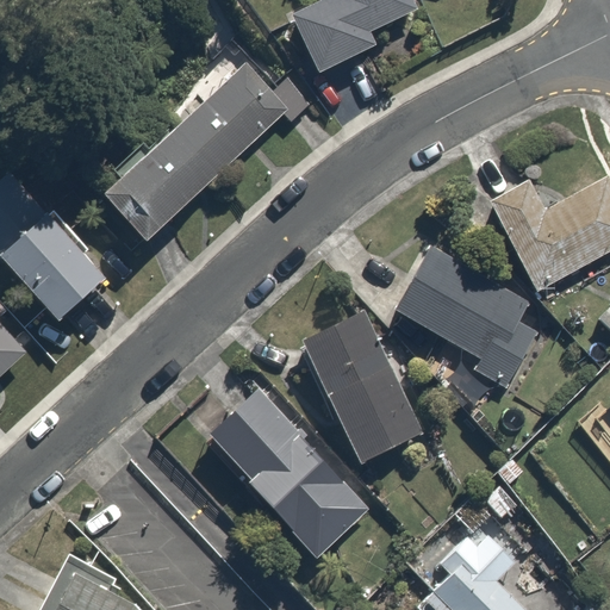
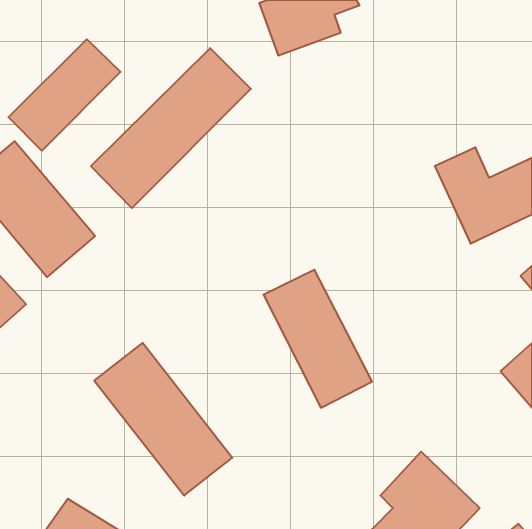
building: none -> [8,39,121,151]
building: [397,248,540,393] -> none
building: [207,382,365,556] -> [94,343,232,496]

